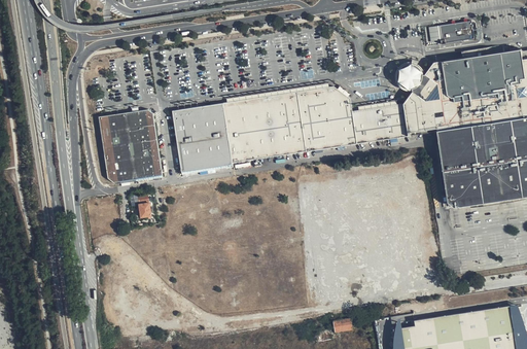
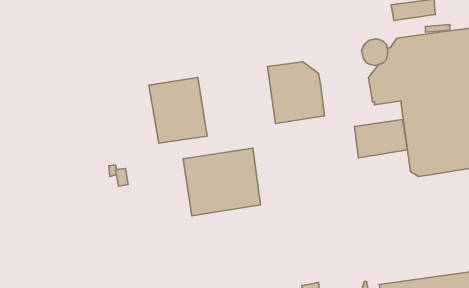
building: [223,92,305,163] -> [183,148,261,216]
building: [352,103,408,143] -> [355,119,408,158]
building: [98,109,163,183] -> none

